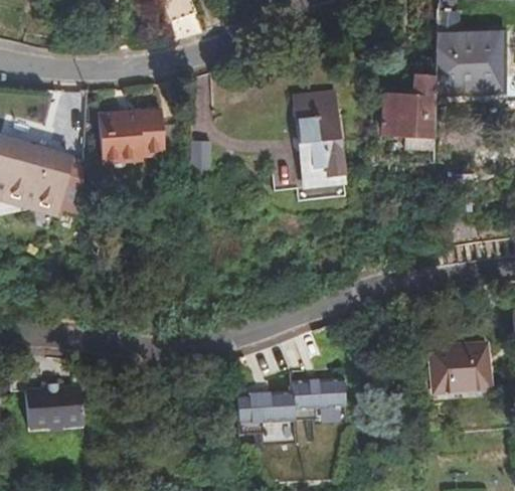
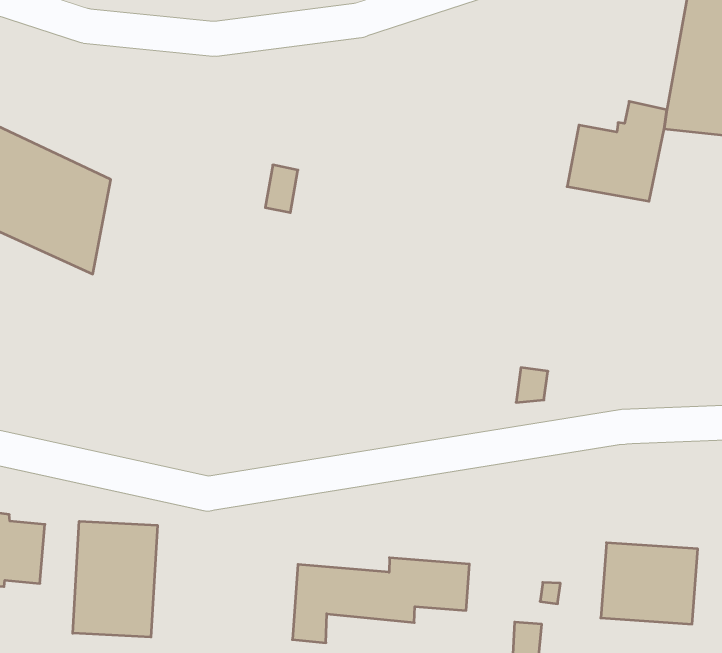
building: [294,93,342,184] -> none
building: [104,115,162,162] -> none
building: none -> [73,521,157,637]

